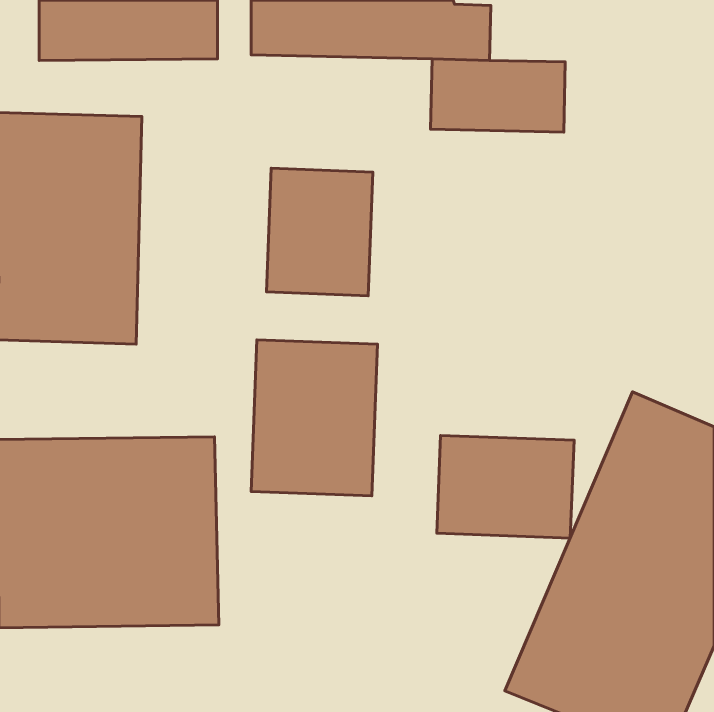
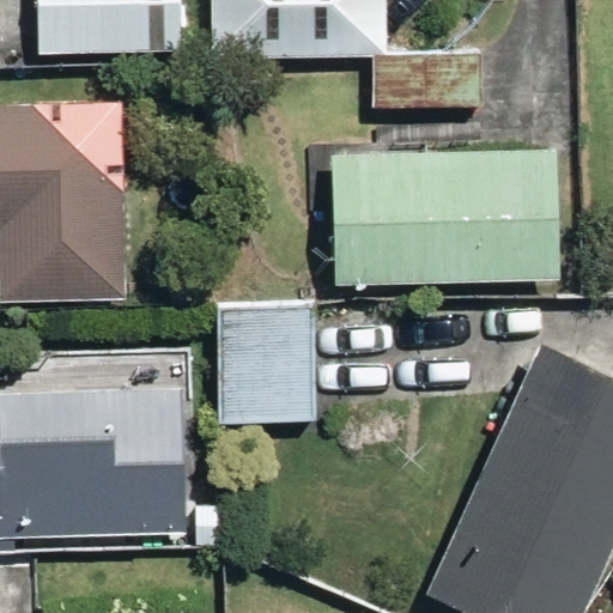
building: [267,168,373,296] -> none
building: none -> [333,148,562,281]
building: [437,435,574,538] -> none

